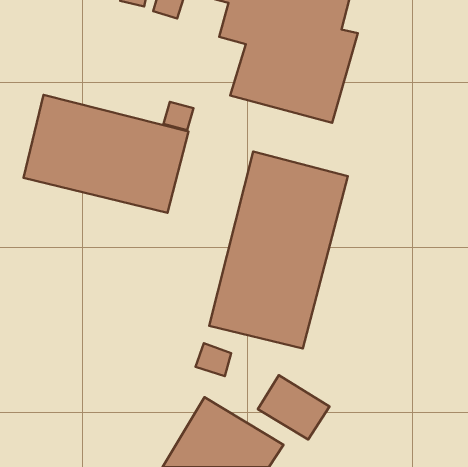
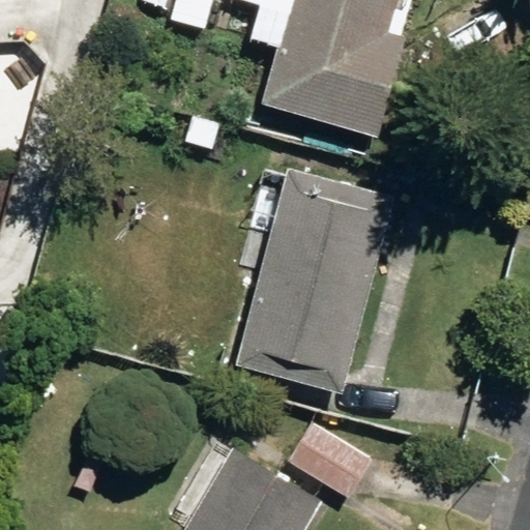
building: [23,95,189,213] -> none

